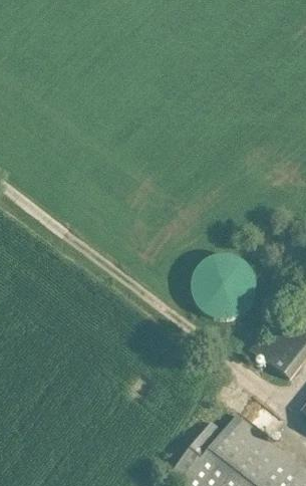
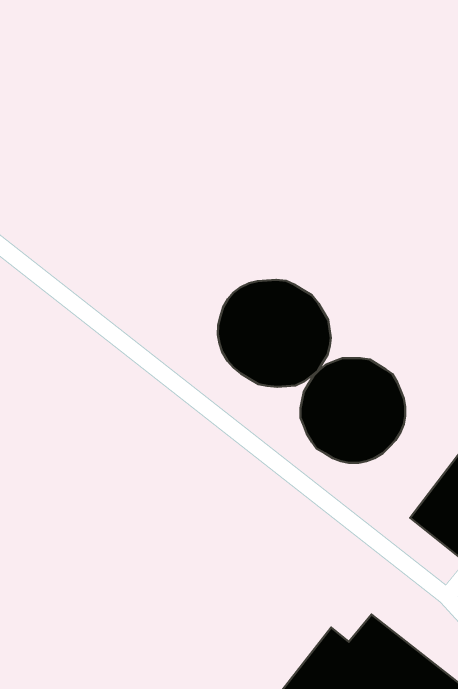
building: none -> [218,280,331,387]

